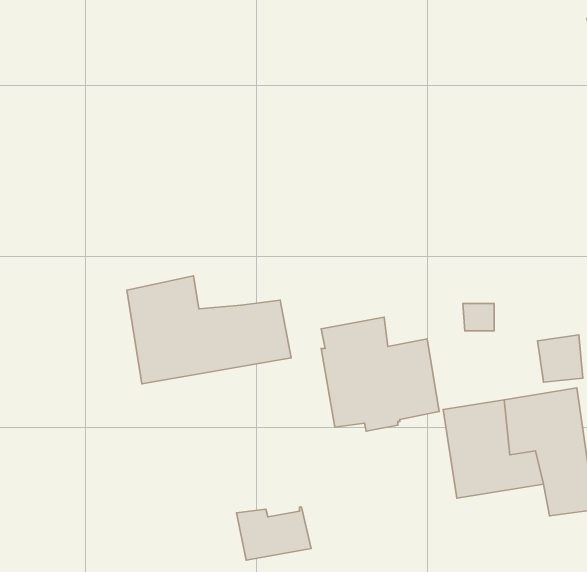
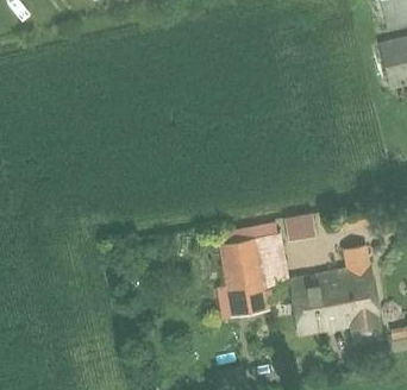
building: [127,276,291,384] -> none
building: [236,507,311,560] -> [224,285,269,317]

